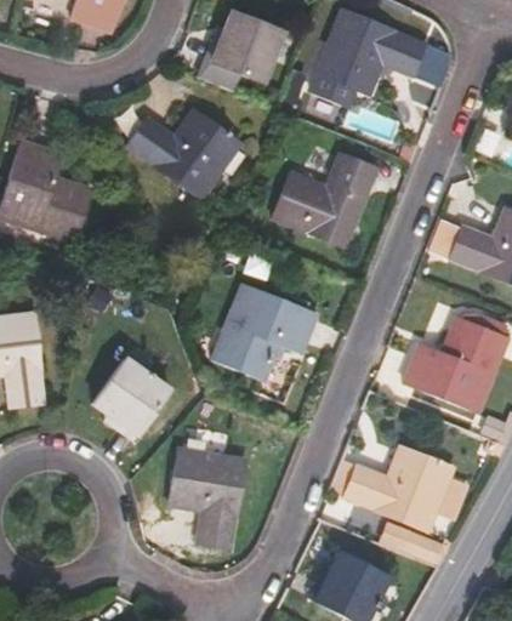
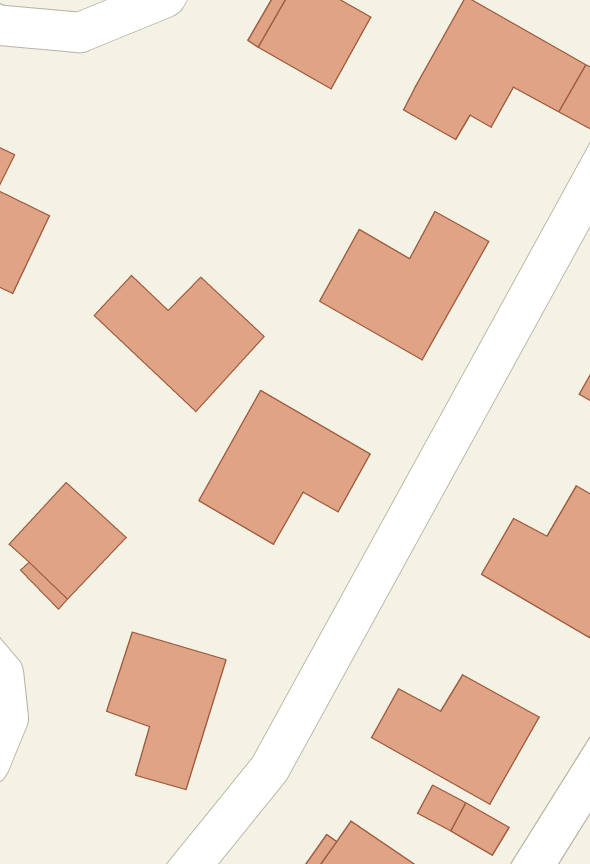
building: [127,110,239,198] -> [94,275,264,412]

